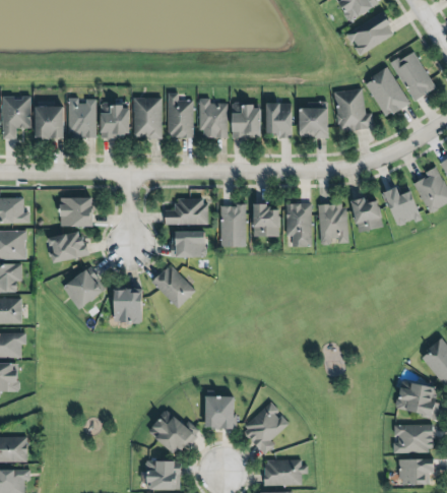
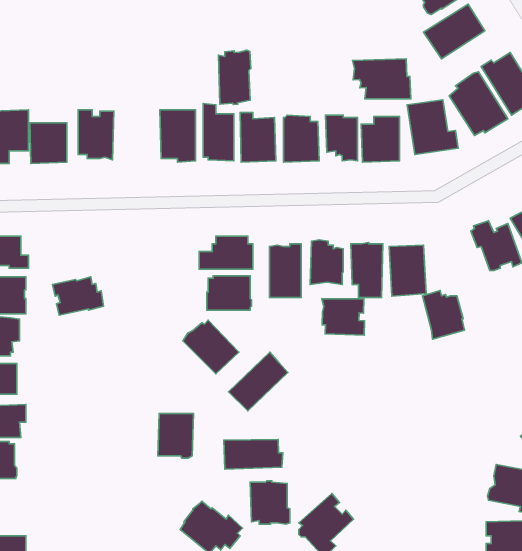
building: none -> [219,50,251,105]
building: none -> [353,59,411,99]
building: [101,102,130,138] -> none
building: [350,195,384,234] -> [422,291,464,339]
building: [60,196,94,226] -> none
building: none -> [322,299,364,335]
building: [64,266,106,309] -> none
building: [115,288,143,323] -> [158,414,193,458]
building: none -> [229,352,288,411]
building: none -> [224,439,283,469]

